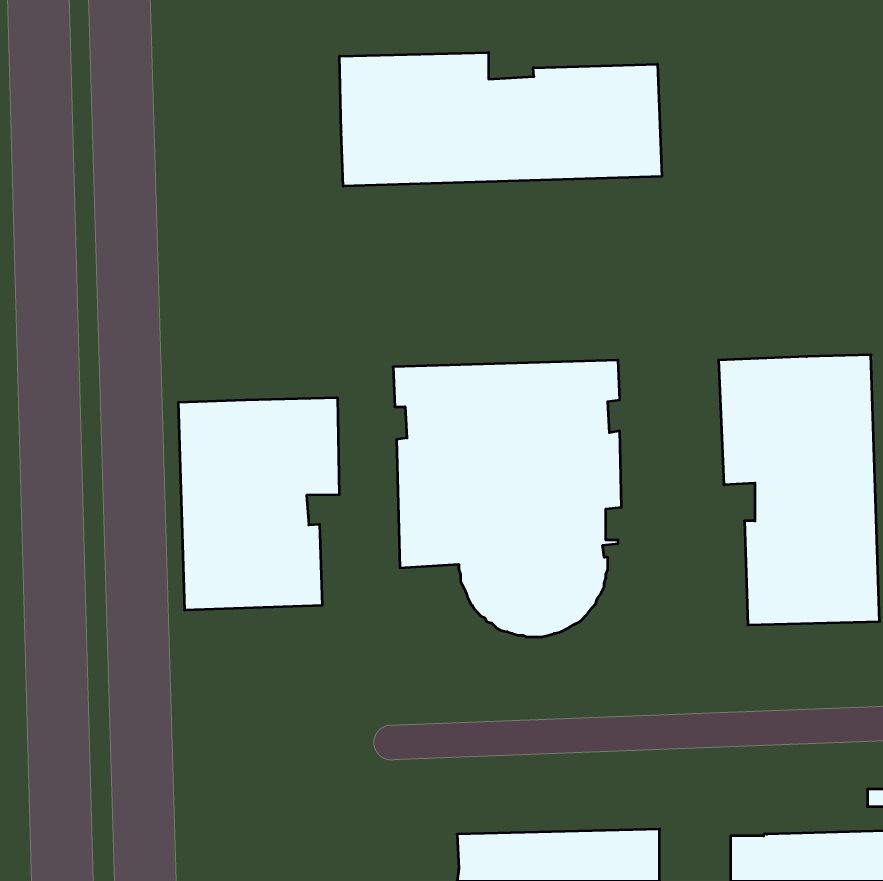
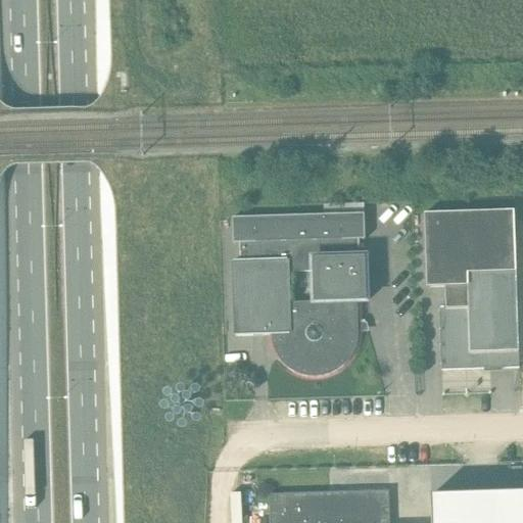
building: [340,52,662,186] -> none
building: [178,398,339,610] -> none

